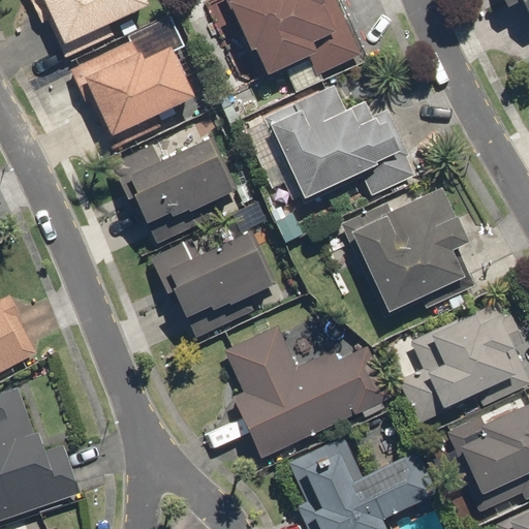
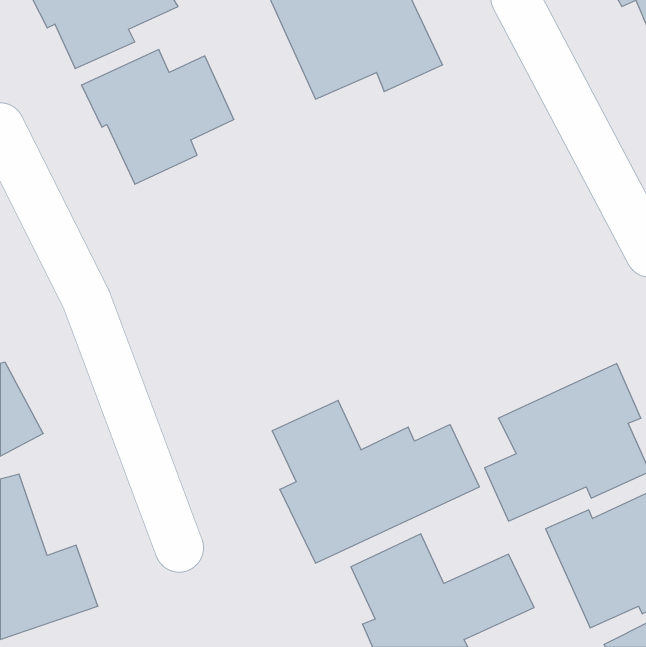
building: [242,83,417,205] -> none
building: [110,138,238,244] -> none
building: [339,185,483,319] -> none
building: [149,229,285,341] -> none

